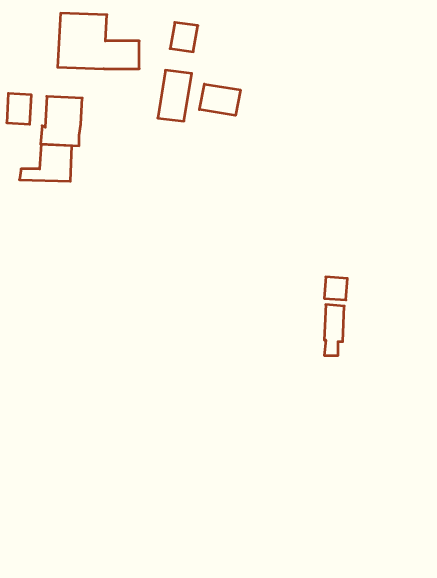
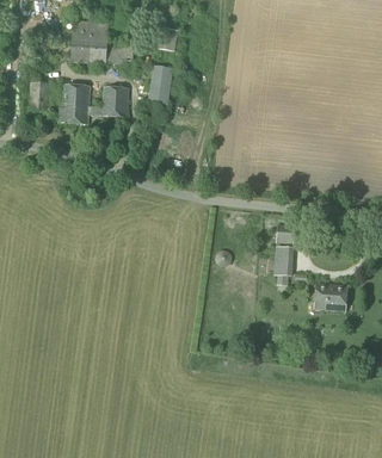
building: [199,84,240,115] -> none
building: [19,144,72,181] -> [87,87,128,116]
building: none -> [313,283,346,311]

